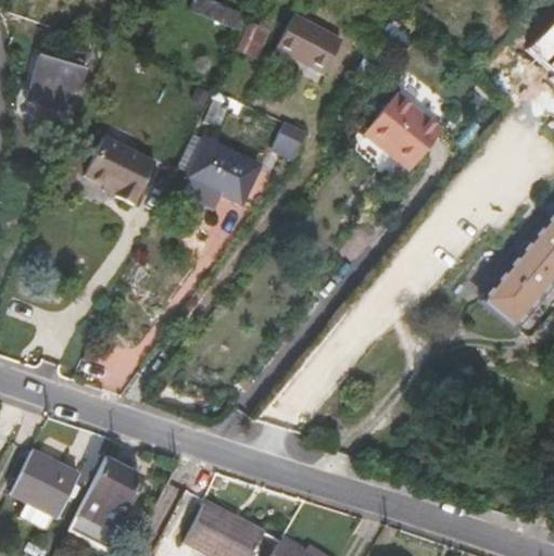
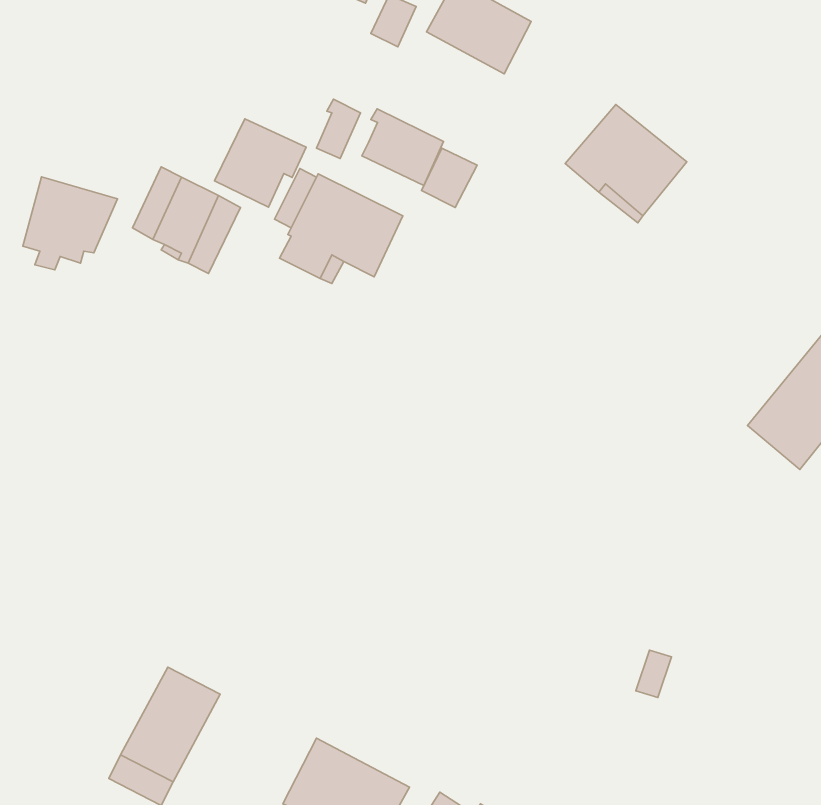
building: [28,54,89,114] -> [23,177,118,270]
building: none -> [362,109,443,186]
building: none -> [214,119,306,207]
building: [11,451,79,517] -> none

